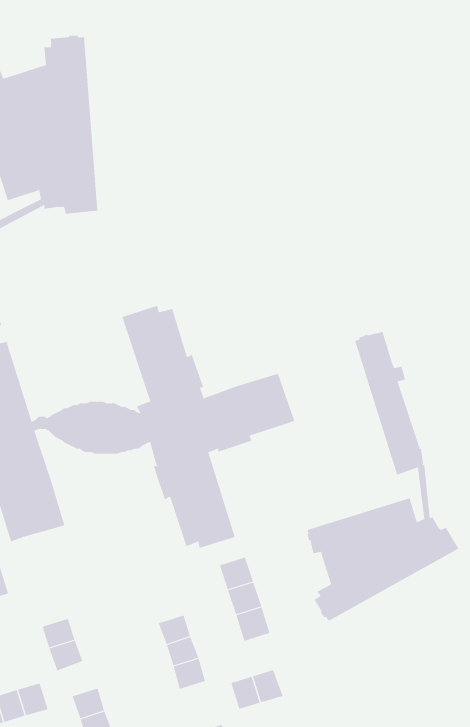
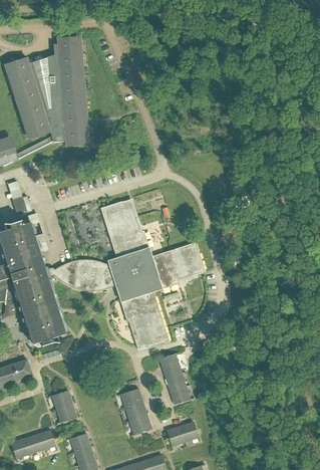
building: [307,331,459,622] -> none

